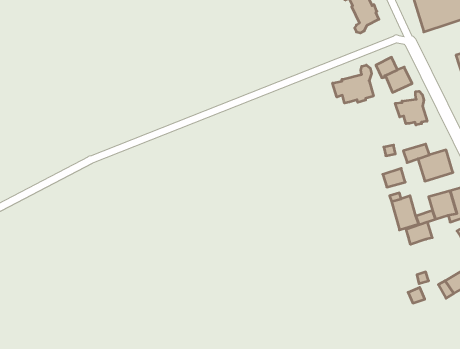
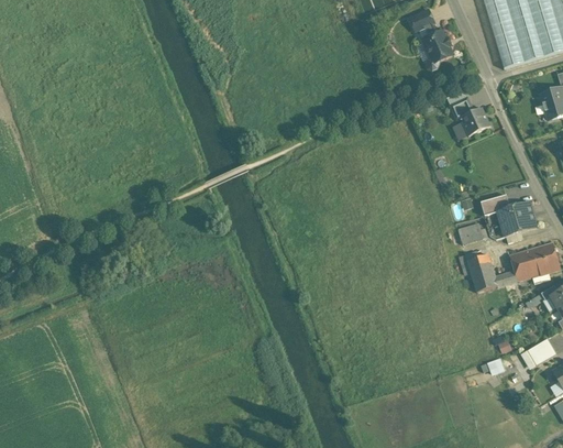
building: [333,65,373,103] -> none
building: [395,91,427,125] -> none
building: [406,222,432,244] -> none

